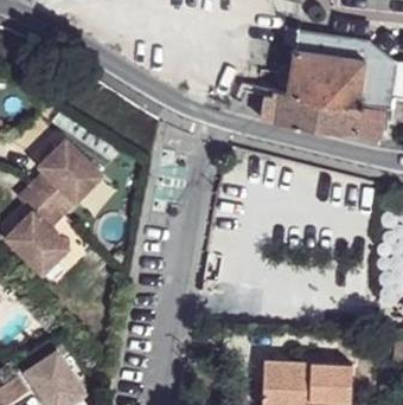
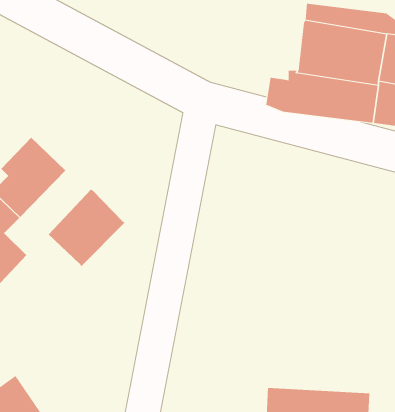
building: none -> [48,189,125,267]

